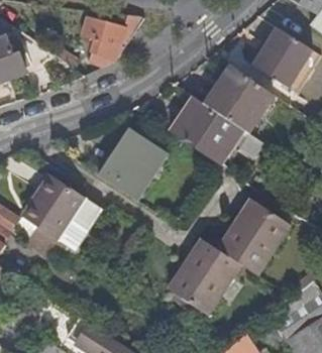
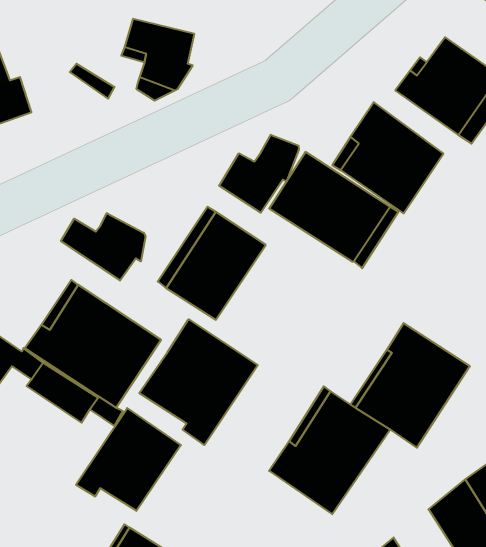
building: none -> [219,135,299,213]
building: none -> [61,213,145,281]
building: none -> [139,319,258,445]
building: none -> [76,408,181,511]

